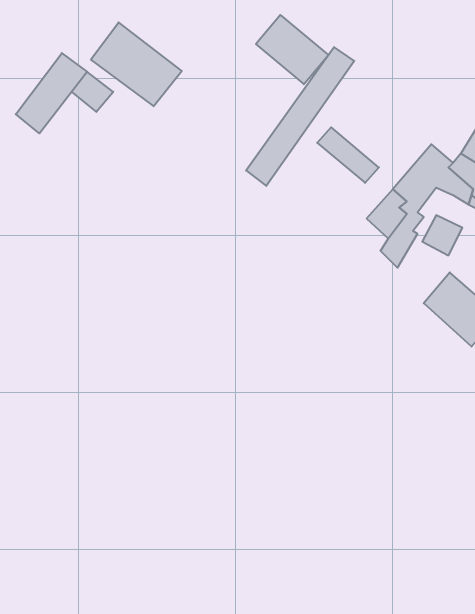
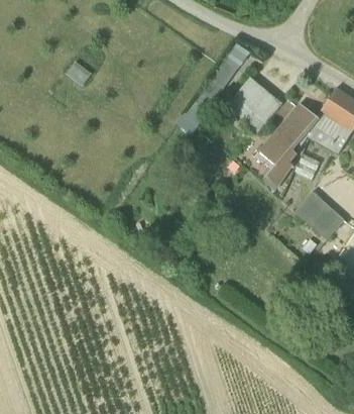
building: [256,15,328,84] -> [235,76,282,121]
building: [91,22,182,106] -> none
building: [16,53,87,133] -> none

